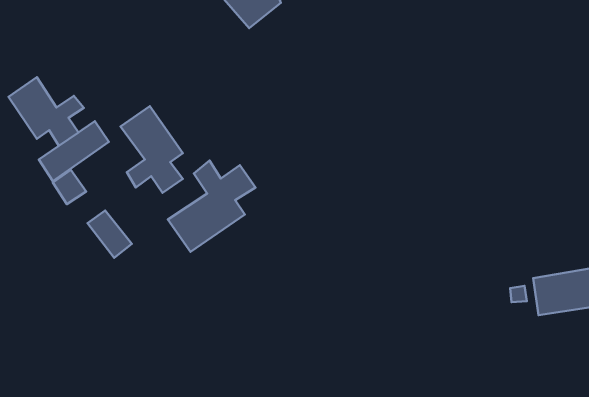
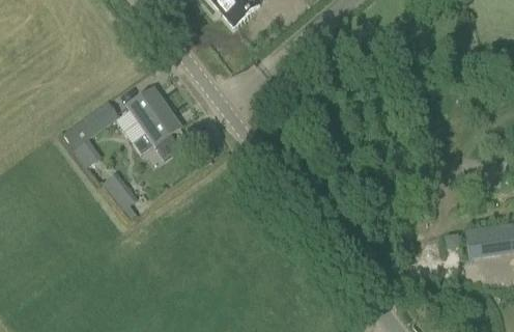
building: [8,77,84,146] -> none
building: [168,161,256,252] -> none

